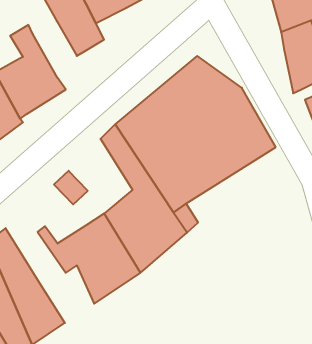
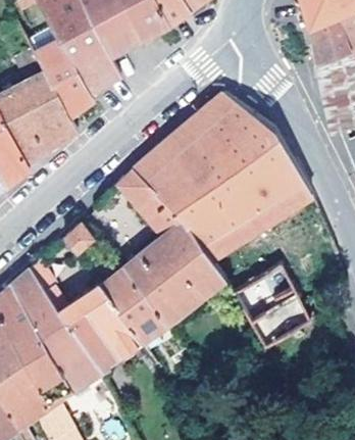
building: none -> [41,53,94,116]
building: none -> [10,266,109,391]
building: none -> [234,267,311,349]

